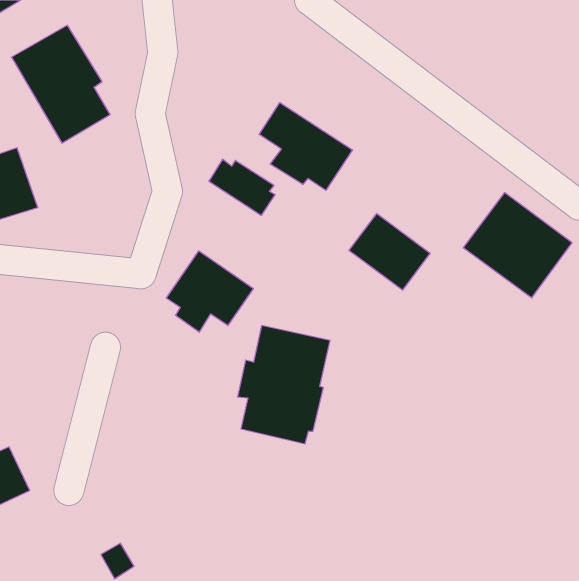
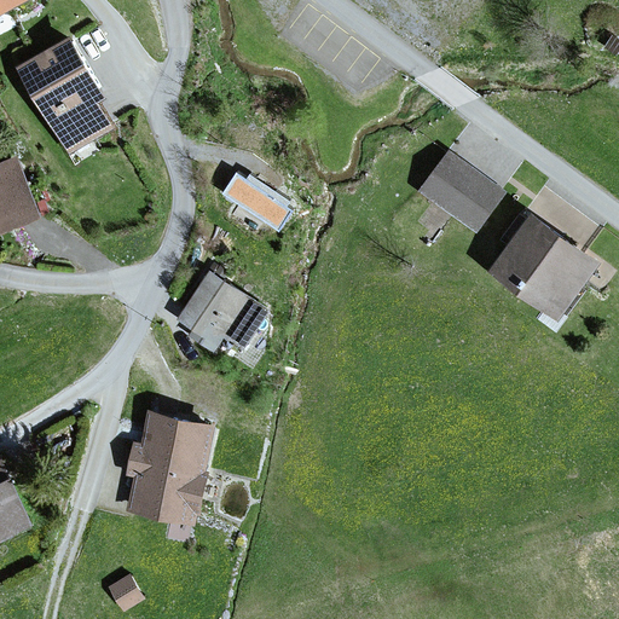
building: [259,102,353,190] -> none
building: [349,214,430,290] -> [417,156,503,237]
building: [237,326,330,444] -> [120,404,218,528]

